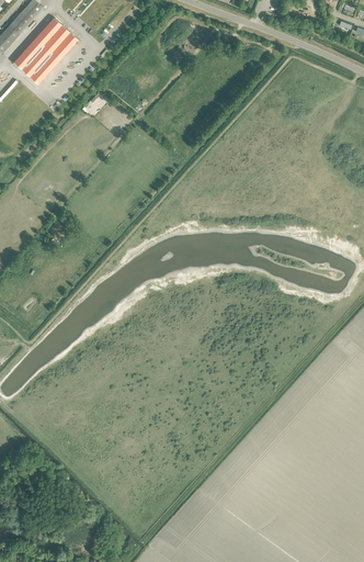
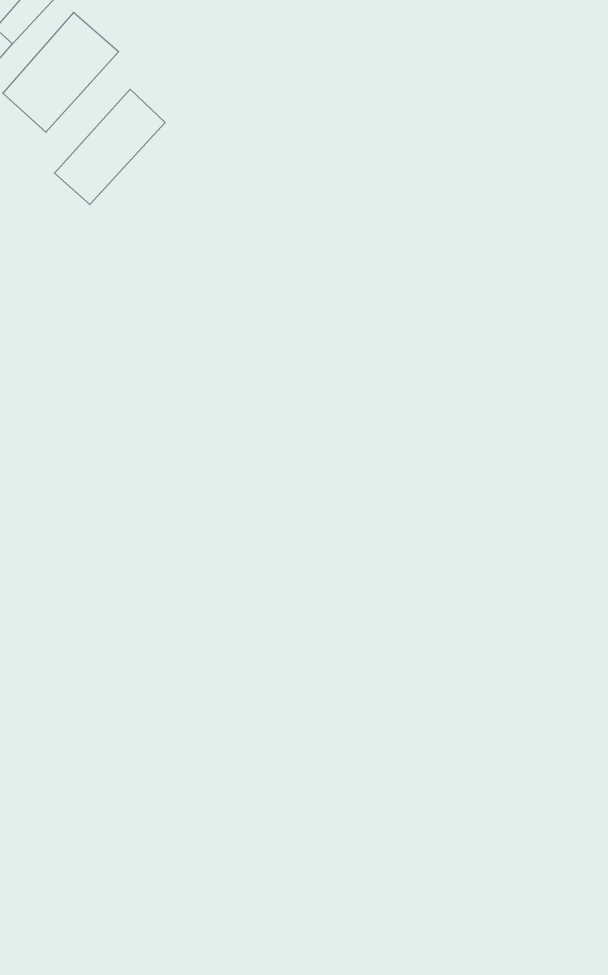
building: none -> [54,89,165,205]

